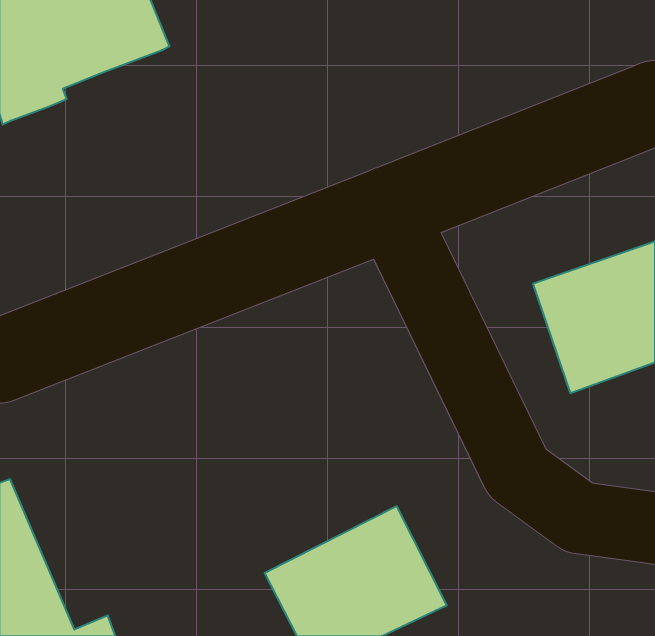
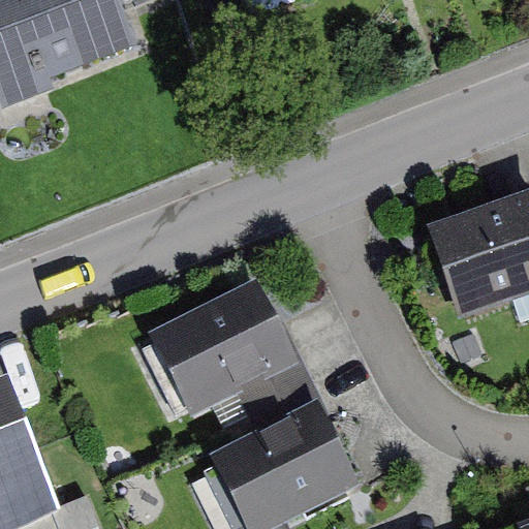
building: none -> [148,281,299,419]

